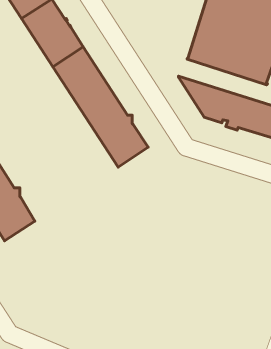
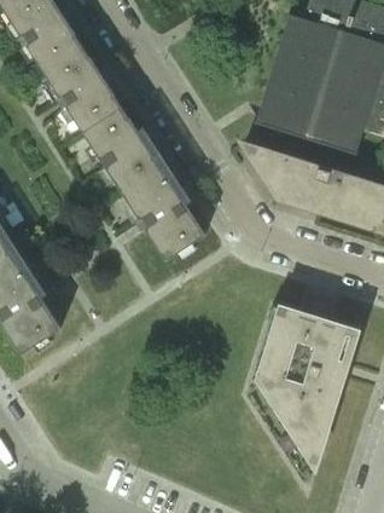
building: none -> [248,306,356,486]

